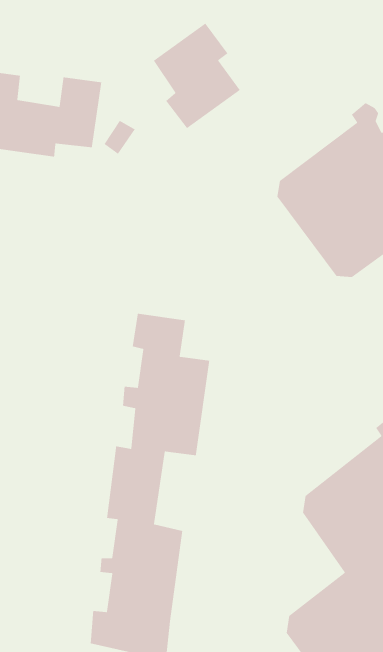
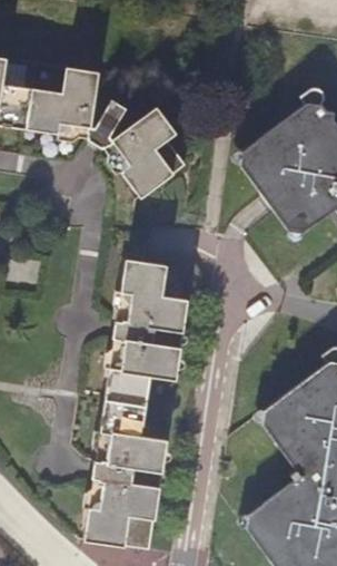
building: [153,23,241,129] -> [112,108,185,196]

